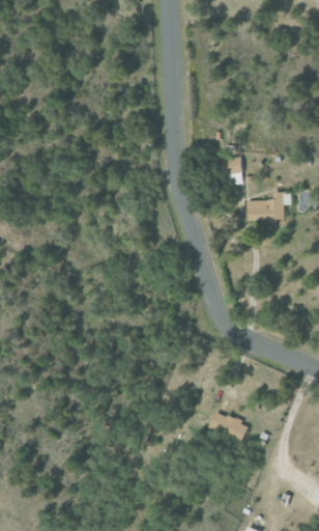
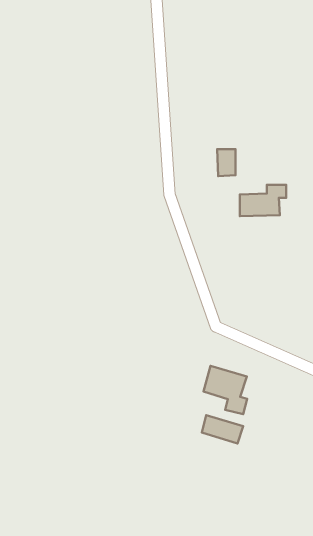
building: none -> [203,366,247,414]

